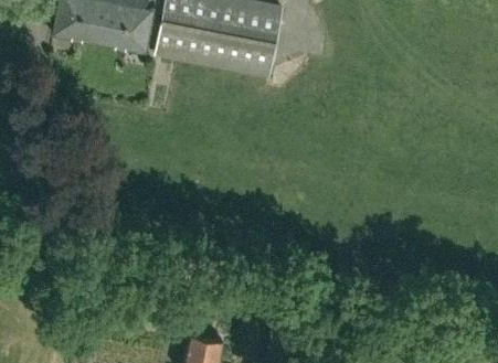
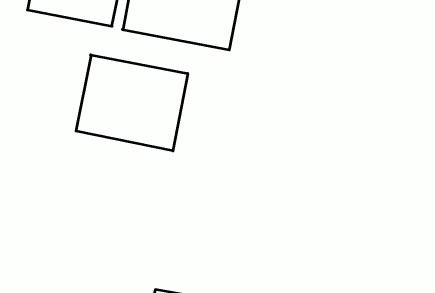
building: none -> [76,55,188,151]

